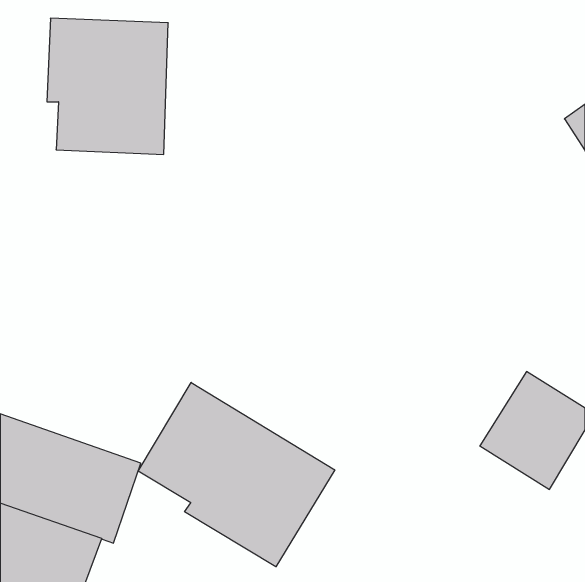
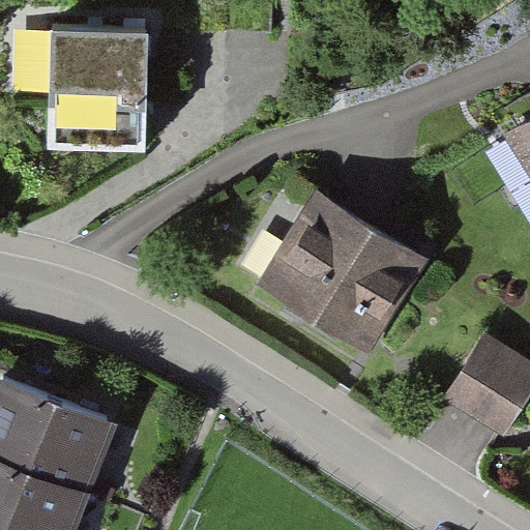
building: none -> [246,193,419,358]
building: [138,382,335,567] -> none

